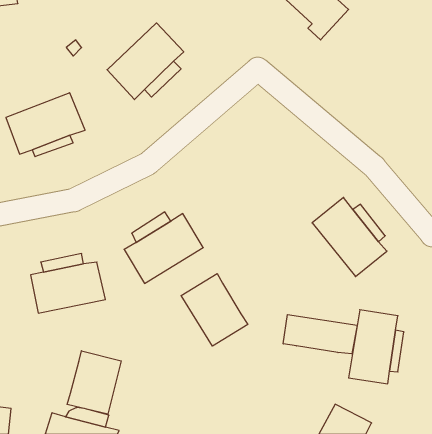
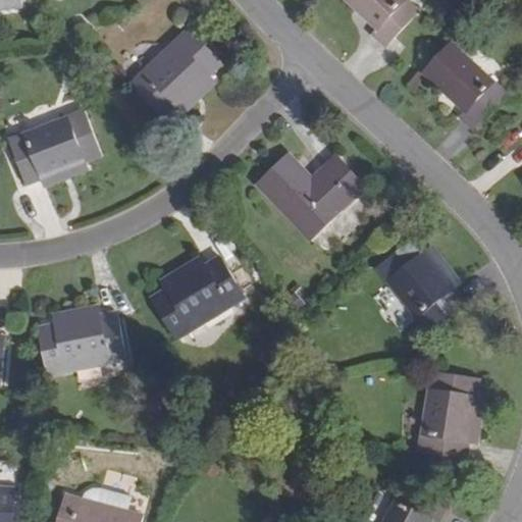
building: none -> [420,41,514,130]
building: none -> [257,156,363,239]
building: [181,274,248,346] -> none
building: [283,315,357,354] -> none
building: [67,351,121,414] -> none

